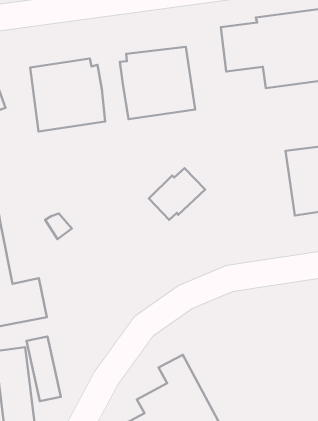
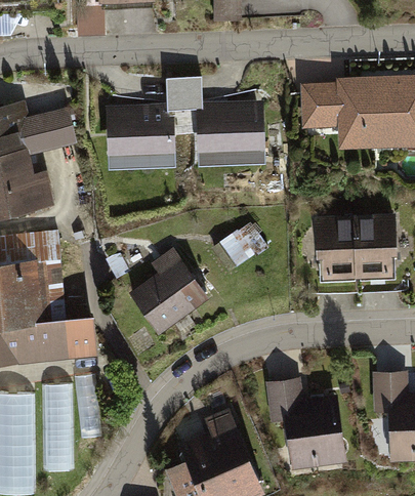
building: none -> [164,77,202,134]
building: none -> [314,214,355,281]
building: none -> [127,248,209,336]
building: none -> [264,377,346,470]

